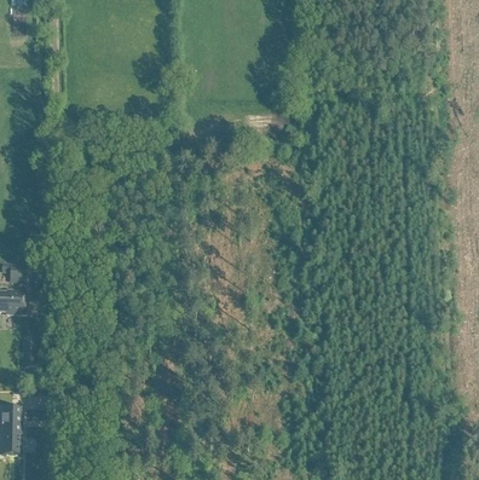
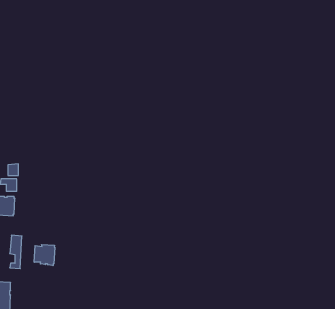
building: none -> [34,245,55,266]

